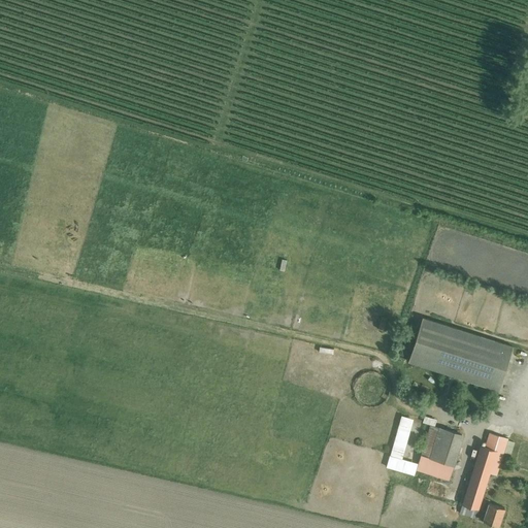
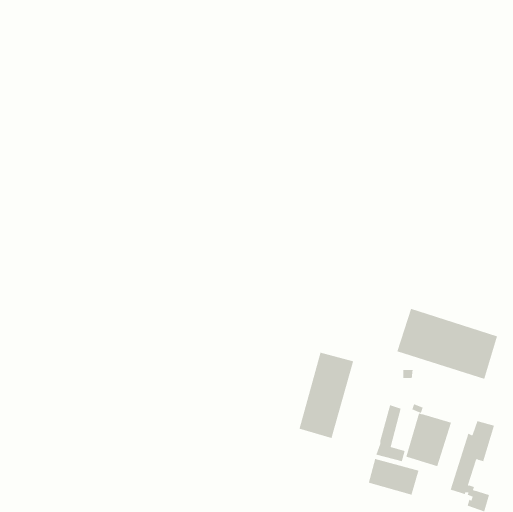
building: none -> [299,352,354,439]
building: none -> [368,458,419,496]

